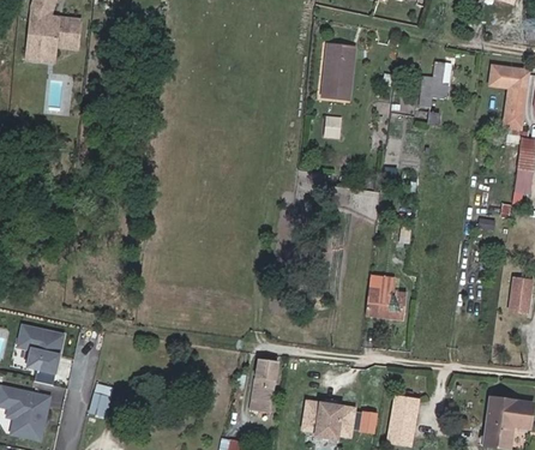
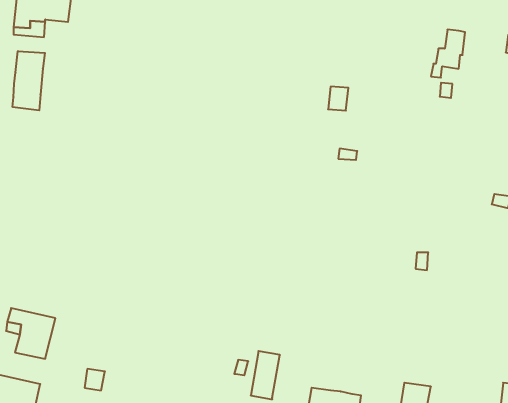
building: [320,44,351,97] -> none
building: none -> [13,51,45,110]
building: [365,289,405,319] -> none

